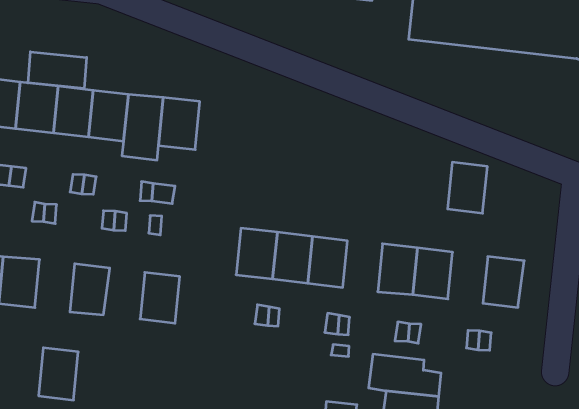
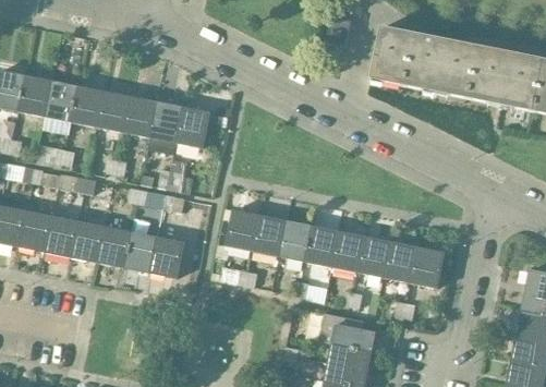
building: [28,52,87,89] -> none
building: [448,162,487,213] -> [385,242,417,282]
building: none -> [306,227,339,267]
building: none -> [124,232,158,273]
building: [39,348,78,400] -> [73,221,106,263]

